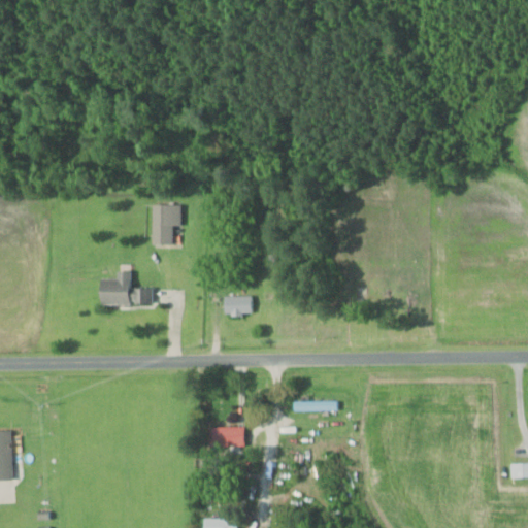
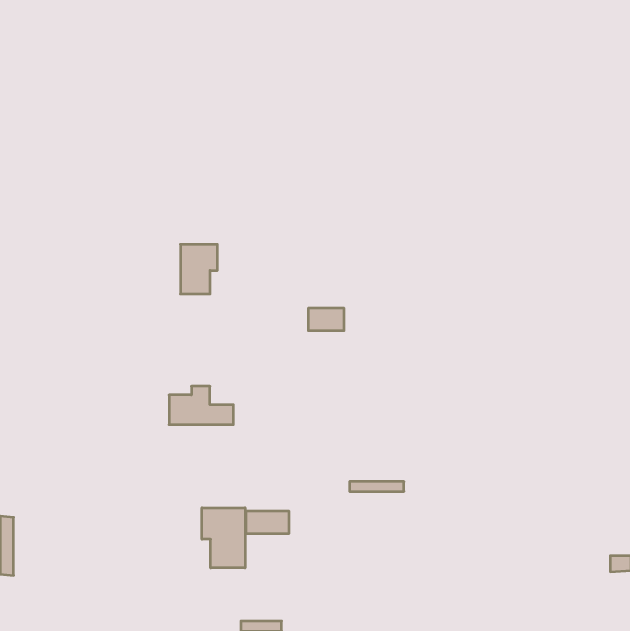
building: [98,272,152,304] -> [169,386,233,425]
building: [223,296,253,315] -> [308,308,344,331]
building: none -> [202,508,245,568]

